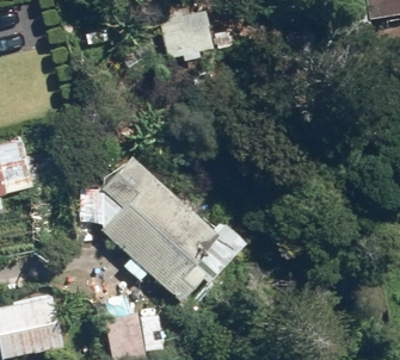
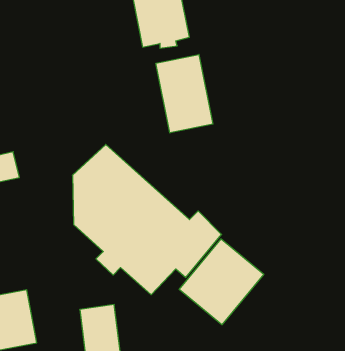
building: none -> [156,54,213,133]
building: none -> [179,239,264,325]

